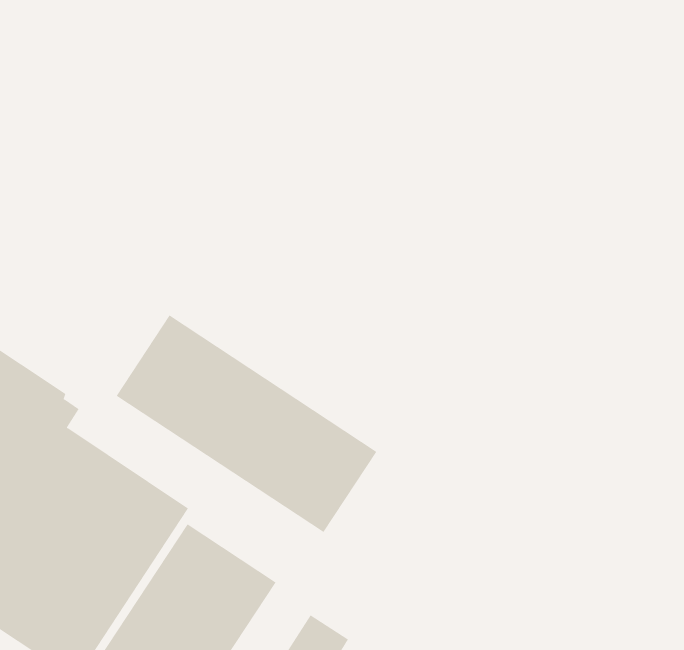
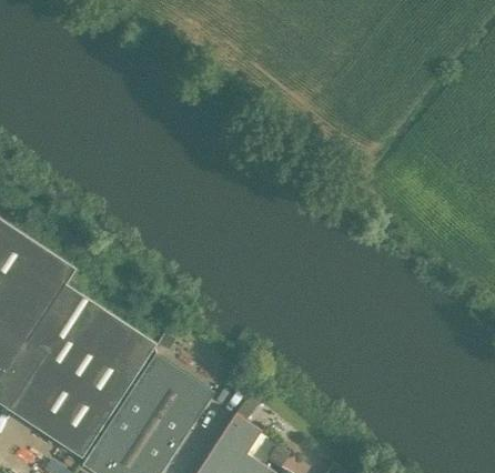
building: [116,315,377,533] -> none

